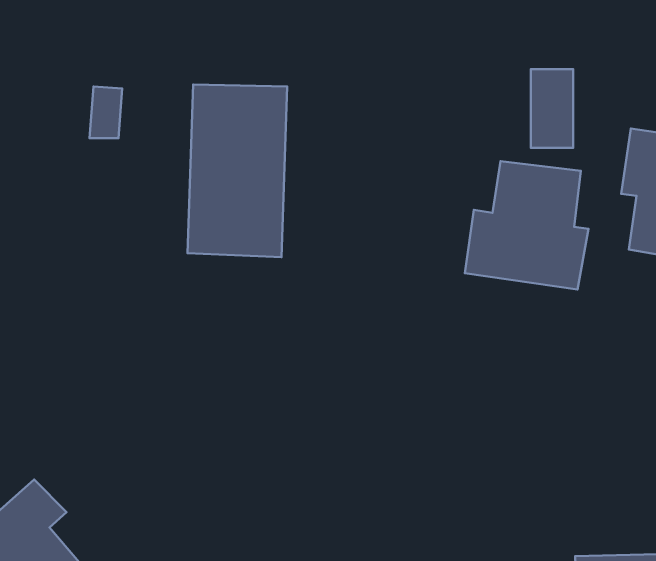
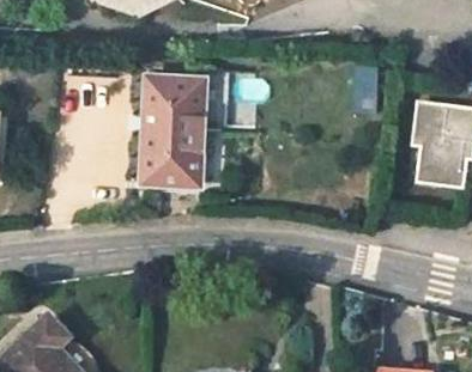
building: [465,161,588,289] -> none

